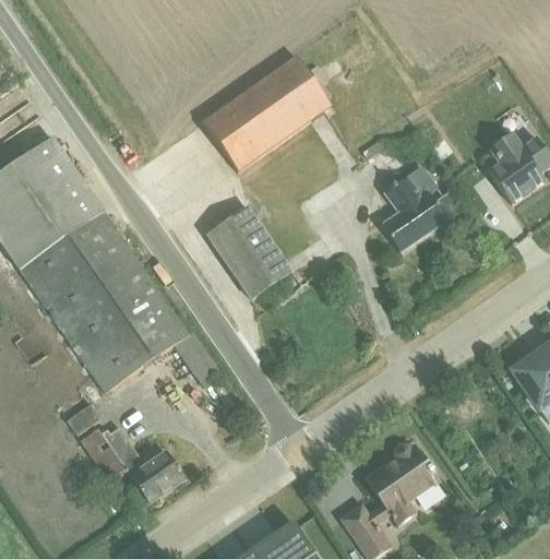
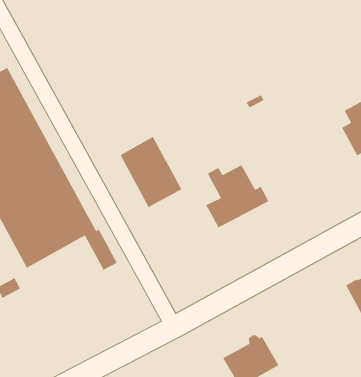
building: [202,56,331,170] -> none
building: [378,166,462,251] -> [205,164,270,228]
building: [80,427,183,501] -> none

